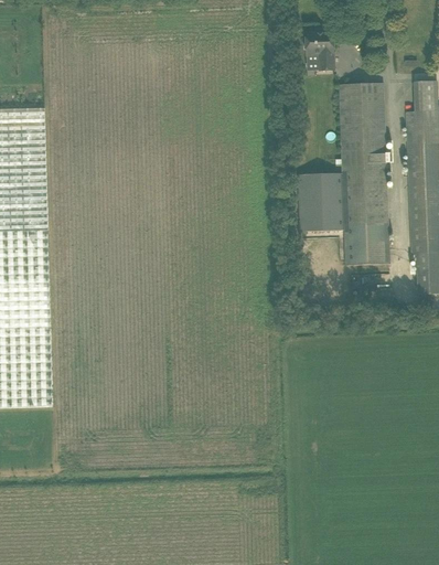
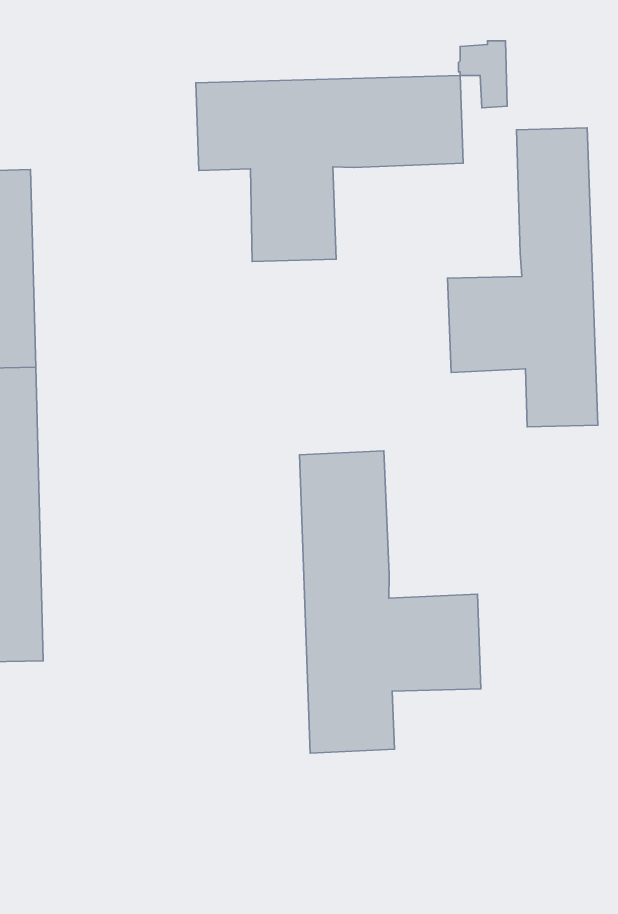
building: none -> [196,75,463,261]
building: none -> [299,451,481,753]

